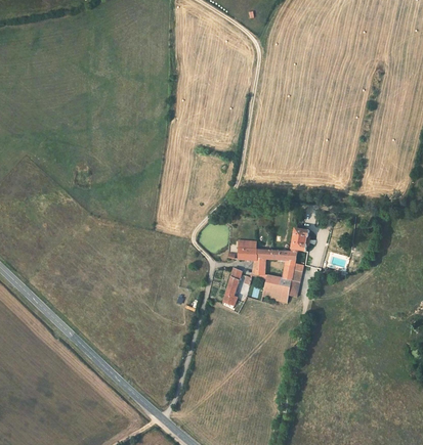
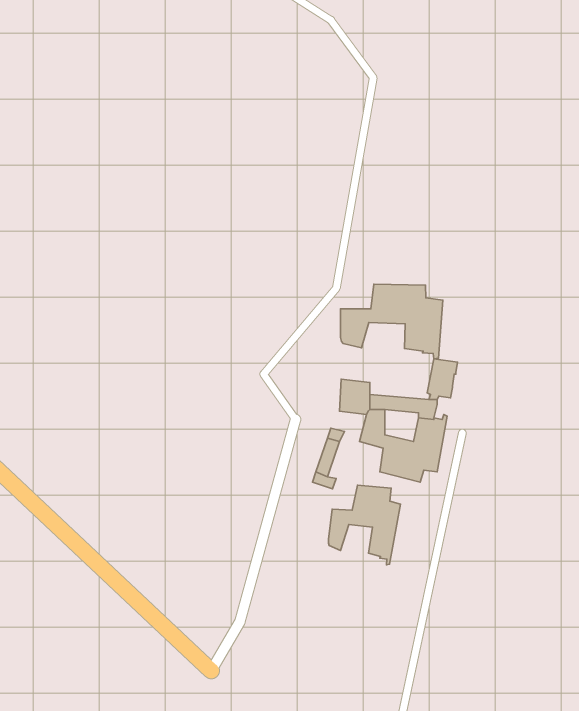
building: none -> [340,284,443,359]
building: none -> [328,485,400,565]

